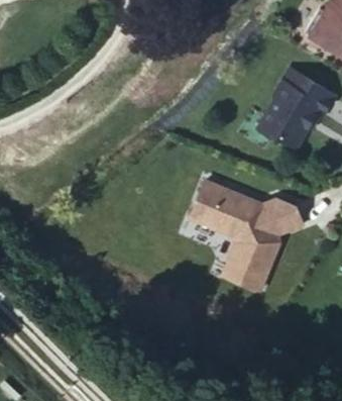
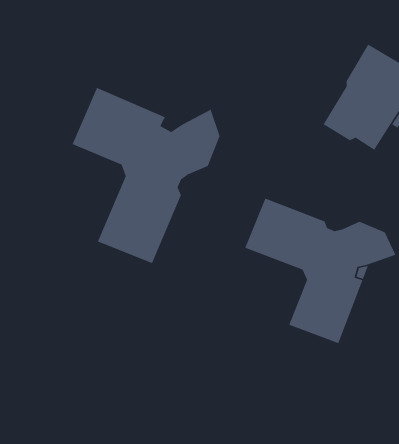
building: none -> [71,87,221,264]

